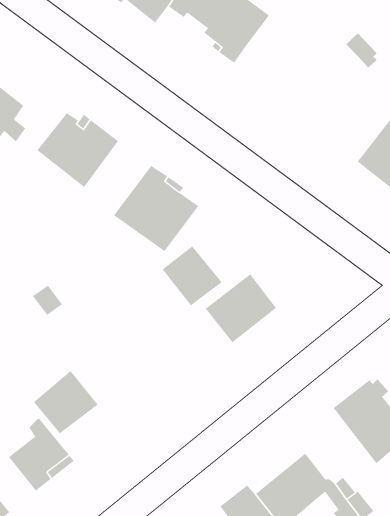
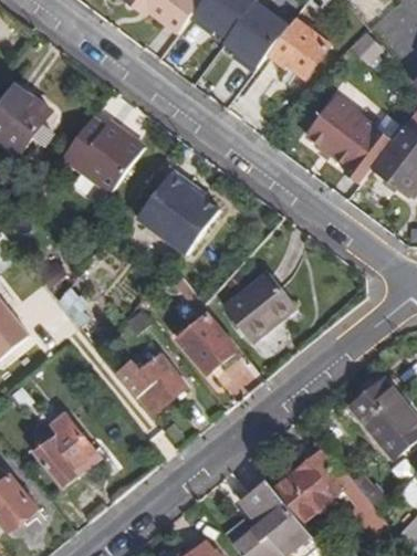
building: none -> [267,18,327,78]
building: none -> [306,96,392,181]
building: [162,246,222,306] -> [178,314,237,373]
building: [33,370,98,434] -> [124,353,187,415]

